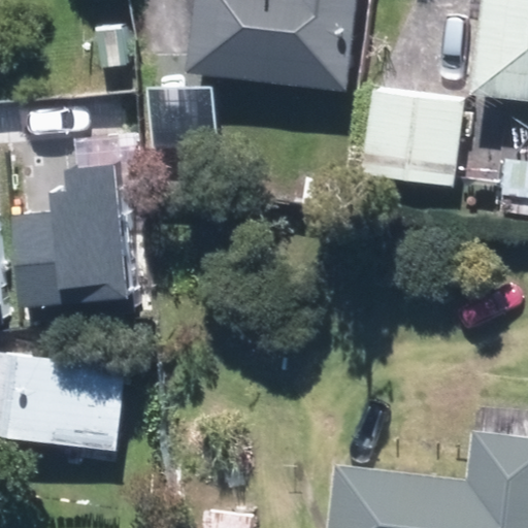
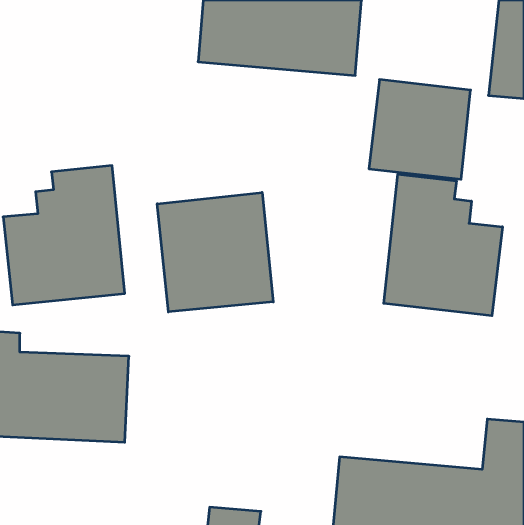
building: none -> [384,174,502,316]
building: none -> [157,192,273,312]

